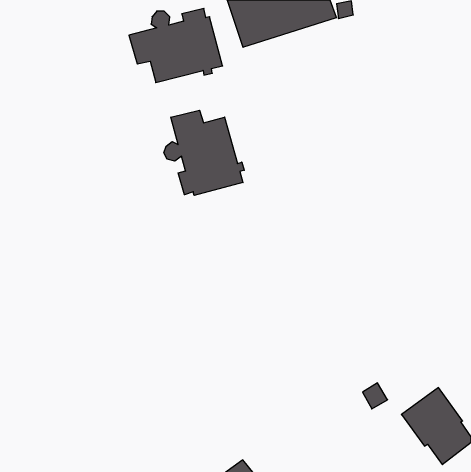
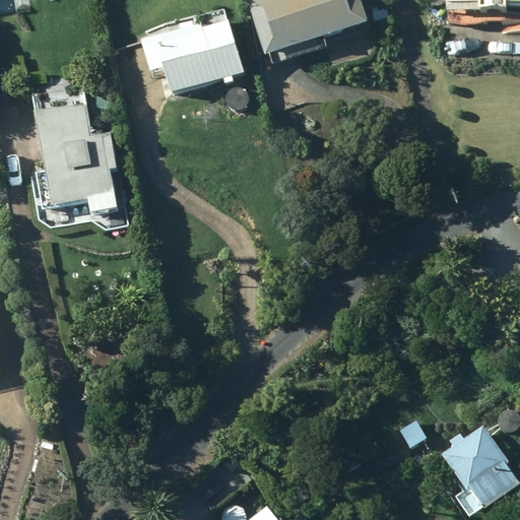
building: none -> [29,77,118,207]
building: [164,110,244,195] -> none

